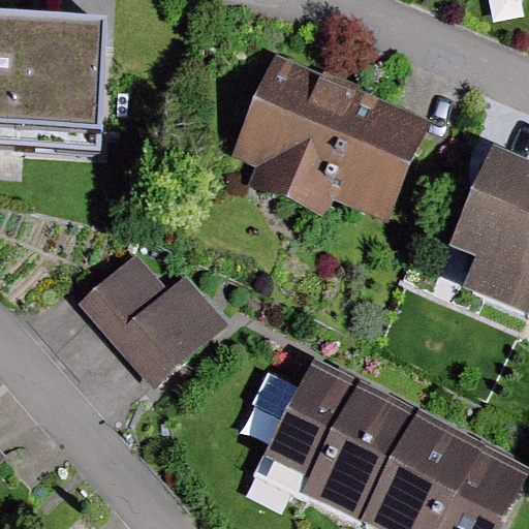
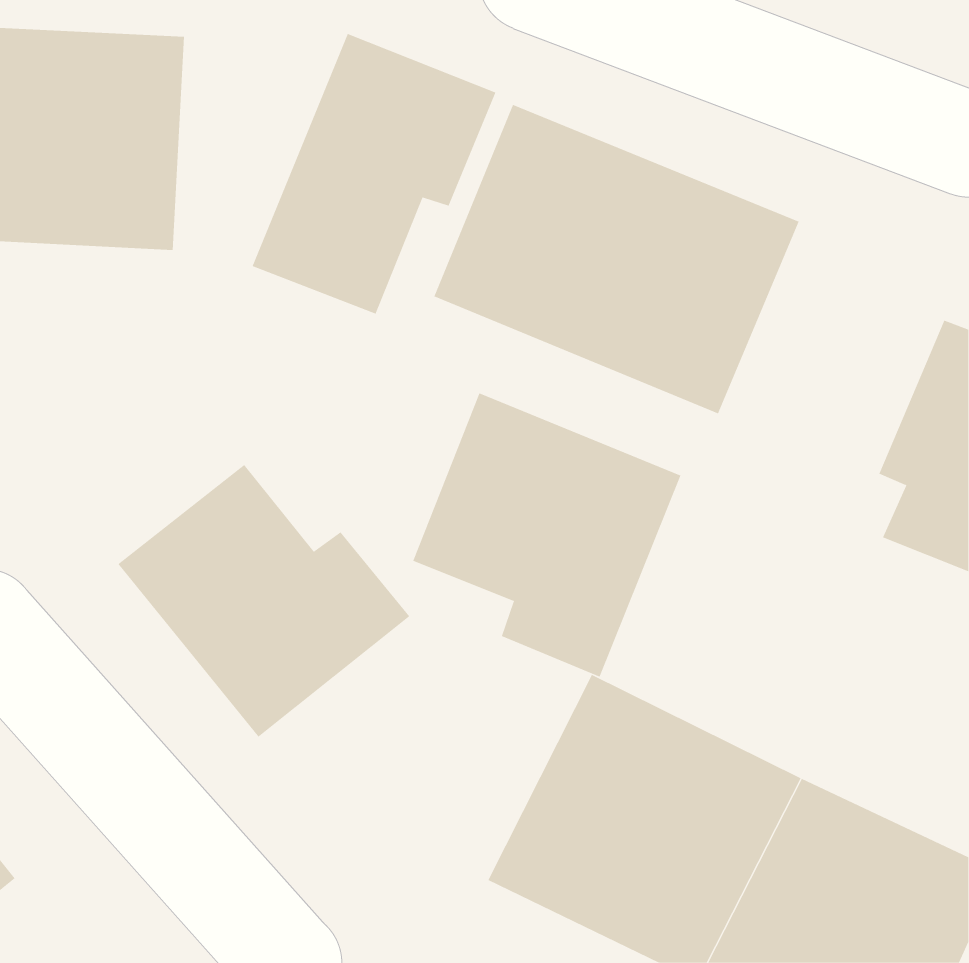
building: none -> [252,33,496,314]
building: none -> [412,392,681,678]

